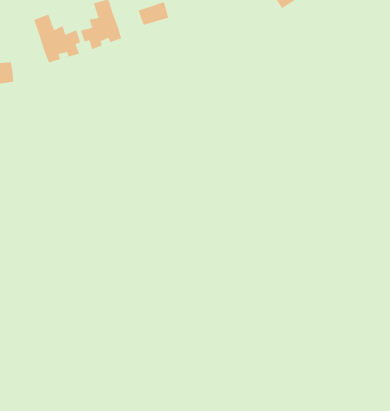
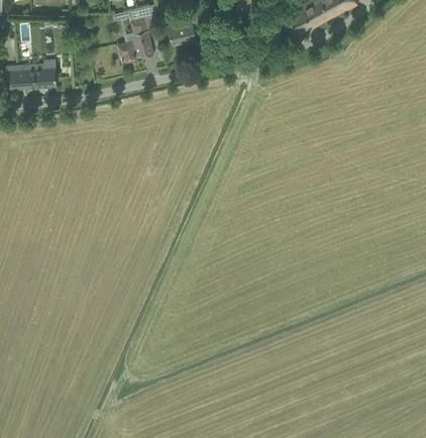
building: [33,13,81,64] -> none

